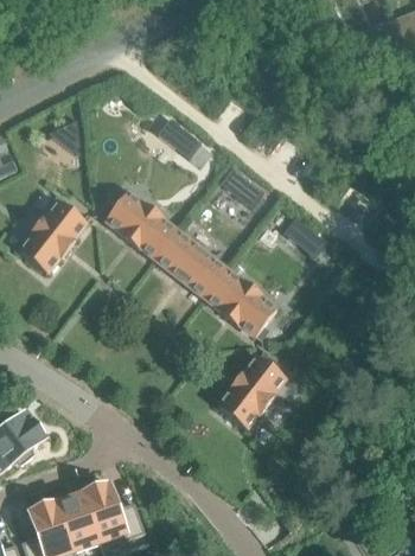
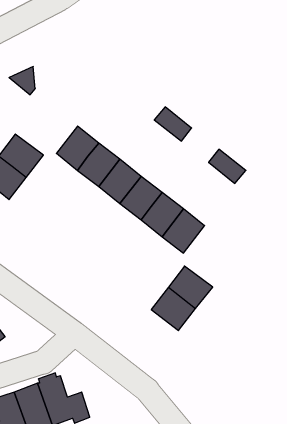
building: [157,117,202,159] -> none

